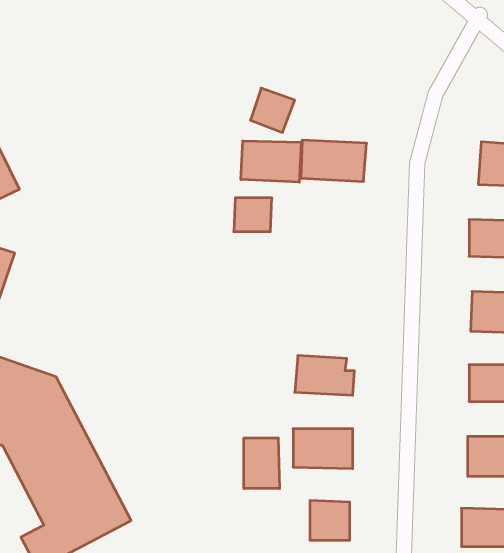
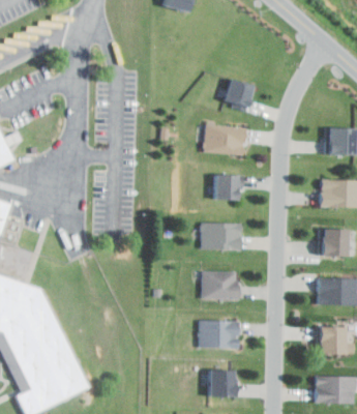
building: [250,88,295,132] -> [224,82,254,112]
building: [241,141,301,182] -> none
building: [234,198,272,232] -> [216,175,242,198]
building: none -> [203,224,240,249]
building: [244,438,280,489] -> none

